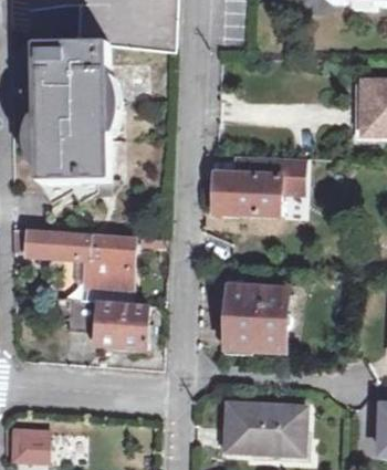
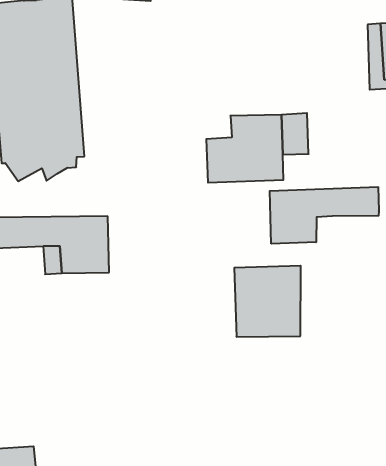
building: none -> [270,187,379,244]
building: [66,299,147,346] -> none
building: [226,404,302,452] -> none

